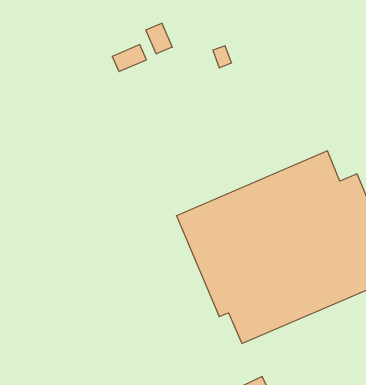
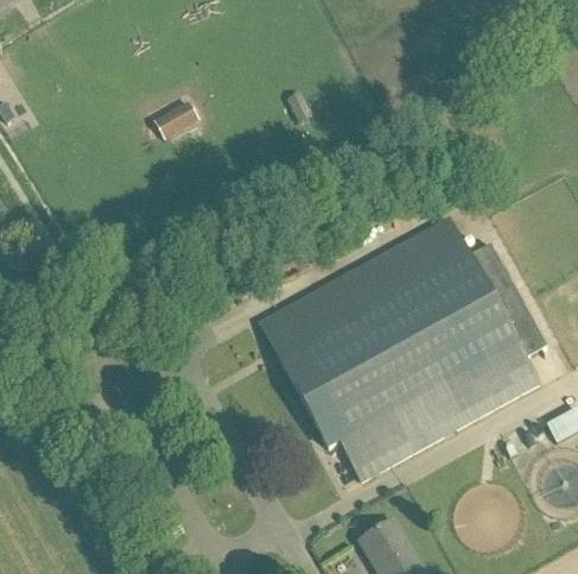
building: [146,23,172,54] -> none

